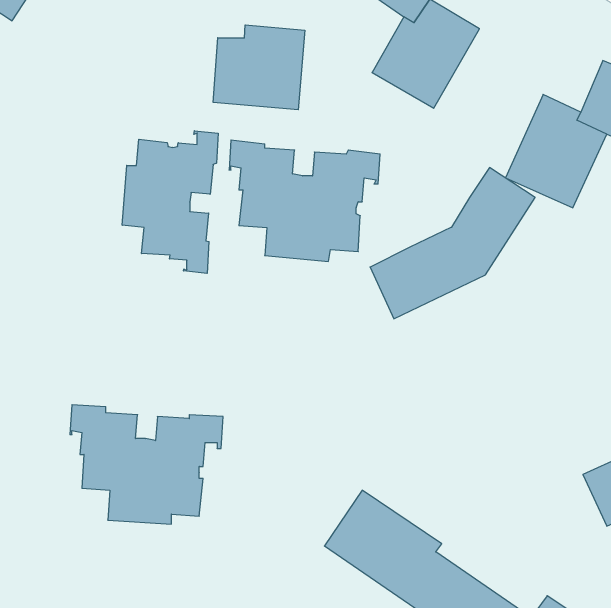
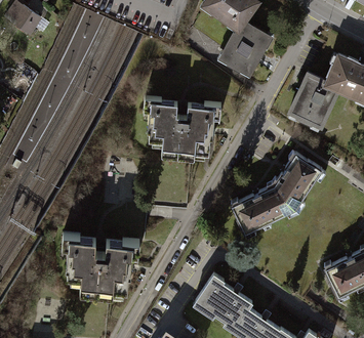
building: [213,25,305,110] -> none
building: [122,131,218,273] -> none
building: [370,168,535,319] -> [232,155,317,233]

